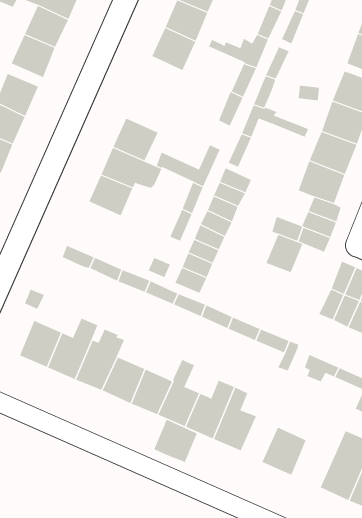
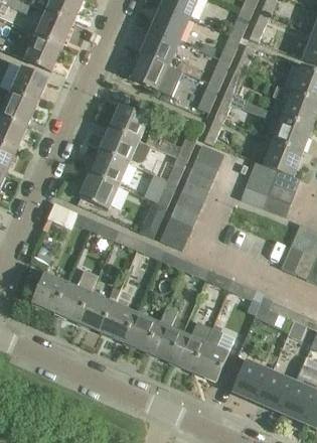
building: none -> [130,53,181,96]
building: none -> [78,174,116,208]
building: [266,234,303,273] -> [245,162,276,194]
building: [154,419,197,463] -> none
building: none -> [258,373,294,412]

